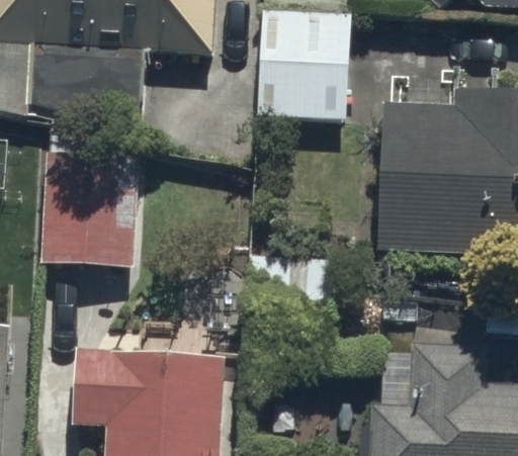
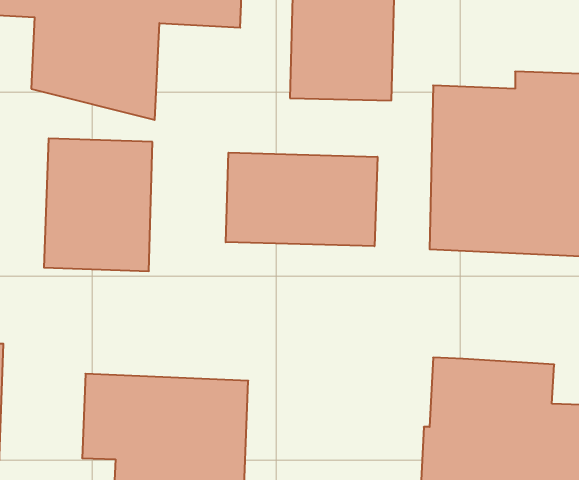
building: none -> [226,153,377,246]

